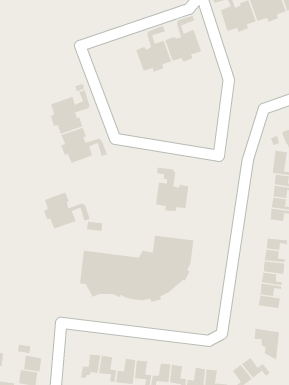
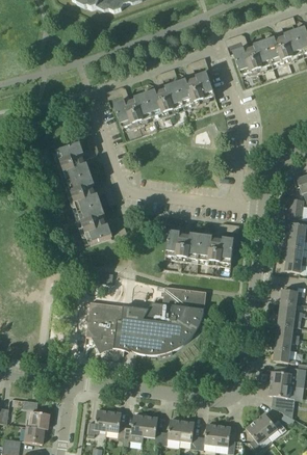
building: none -> [106,86,153,129]
building: none -> [198,222,239,266]
building: [43,192,91,230] -> [77,204,127,243]
building: none -> [270,366,299,386]

